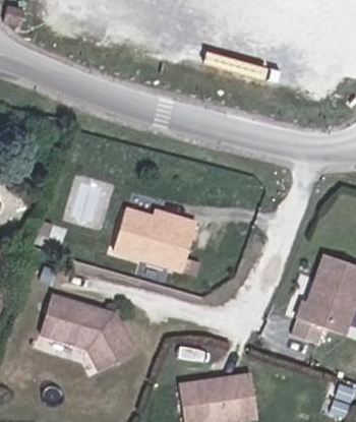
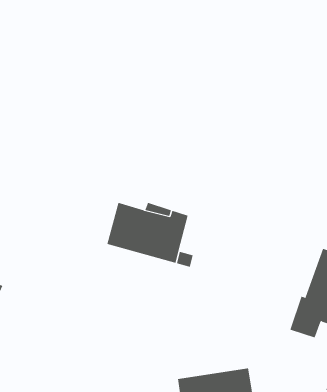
building: [40,294,135,372] -> none

